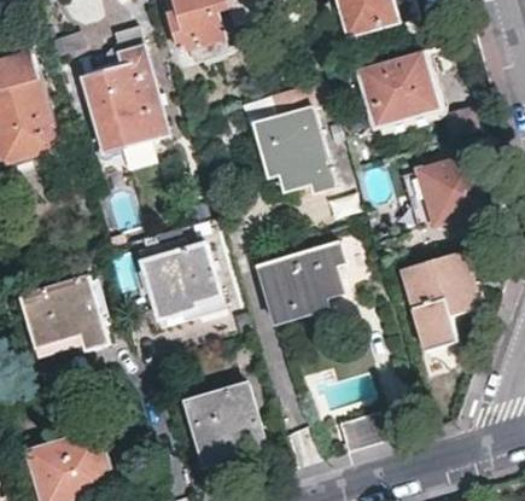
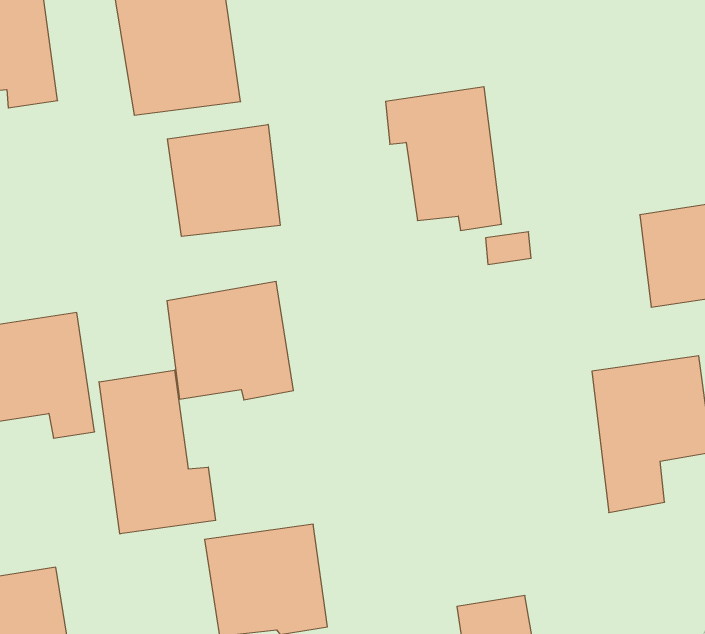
building: [360,49,439,126] -> none
building: none -> [167,124,280,236]
building: [255,239,343,322] -> none
building: none -> [99,370,216,534]

